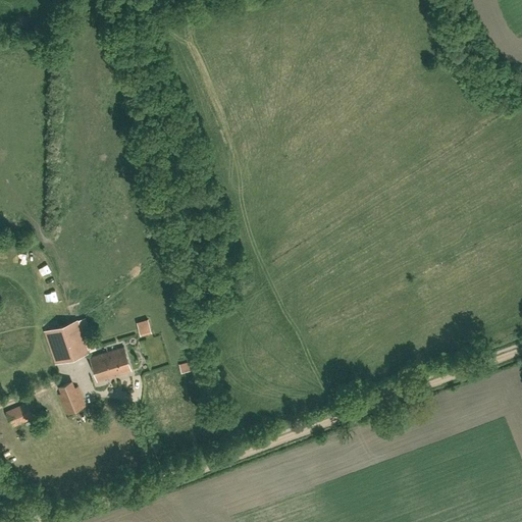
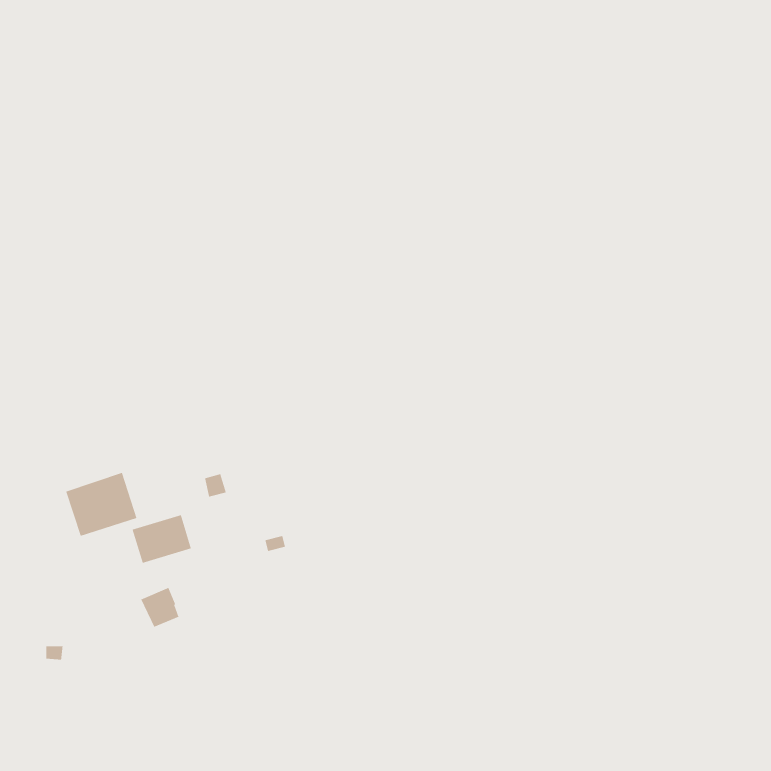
building: [57,386,84,414] -> [140,587,180,628]
building: [5,403,33,427] -> none

